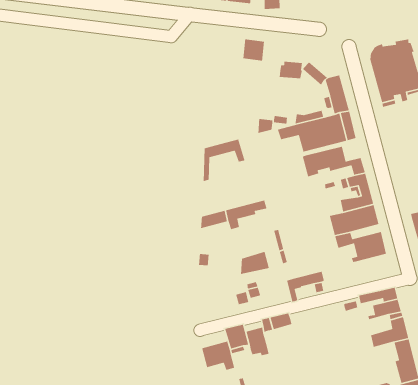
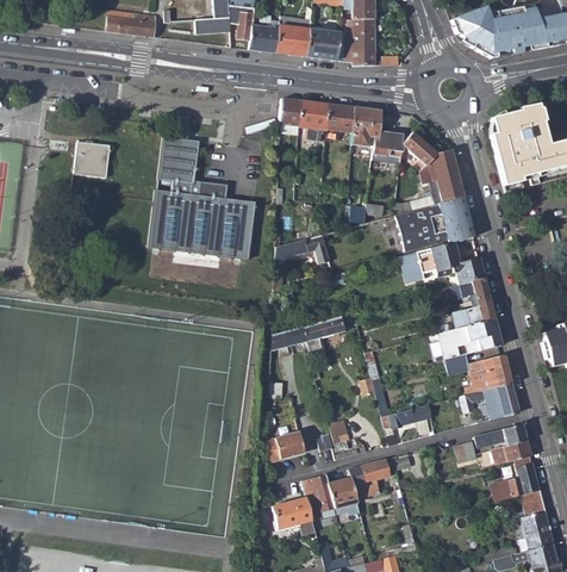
building: none -> [282,100,329,142]
building: none -> [351,108,381,147]
building: none -> [151,135,257,260]
building: none -> [76,142,113,179]
building: [240,251,270,275] -> [267,428,305,459]
building: none -> [460,383,519,418]

